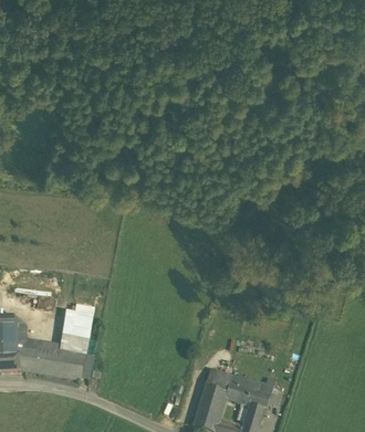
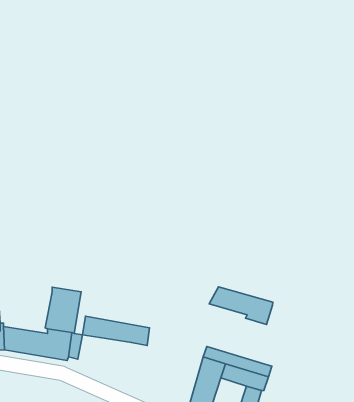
building: none -> [209,287,273,325]
building: none -> [82,316,149,346]

